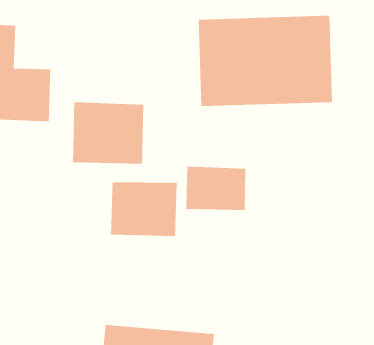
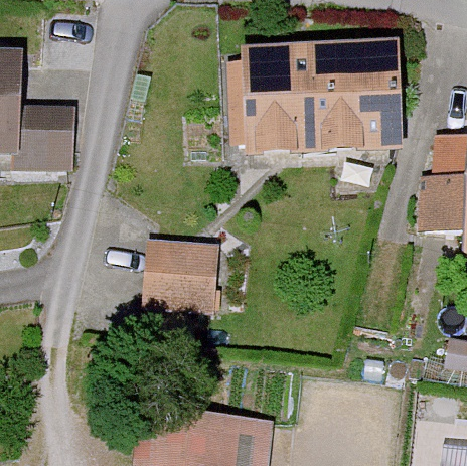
building: [73,101,144,165] -> none
building: [186,166,246,211] -> none

